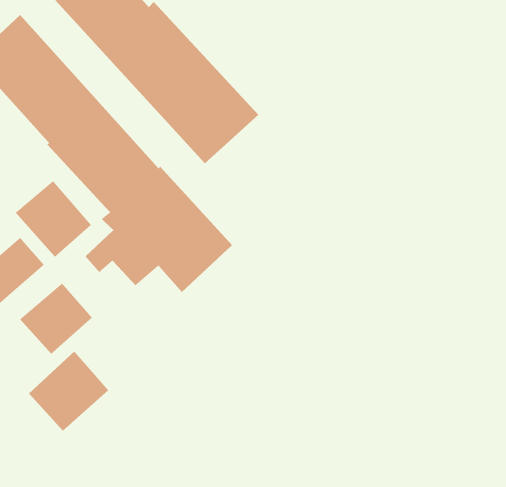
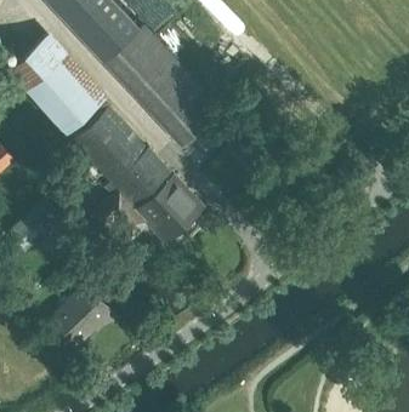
building: [15,180,92,258] -> none
building: [19,283,93,354] -> none

